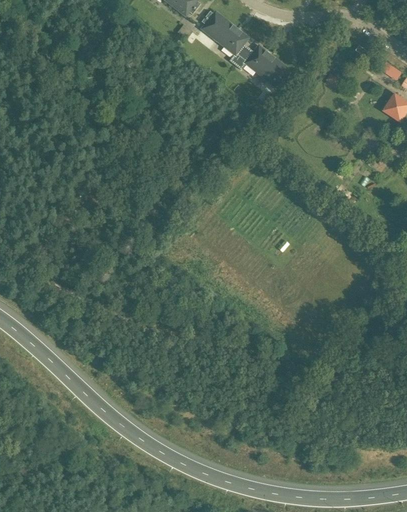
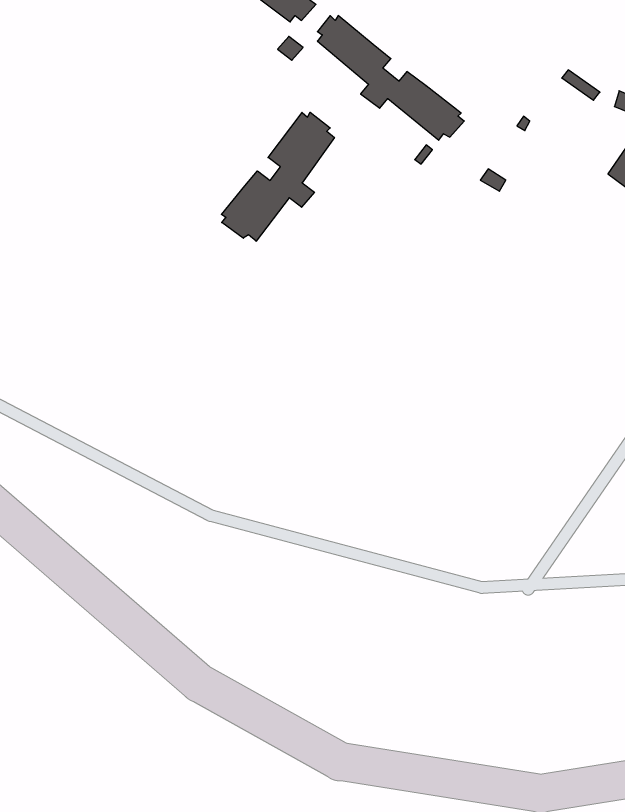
building: none -> [221,112,334,241]

